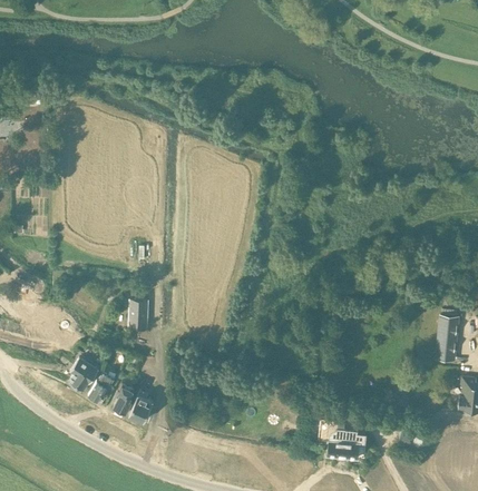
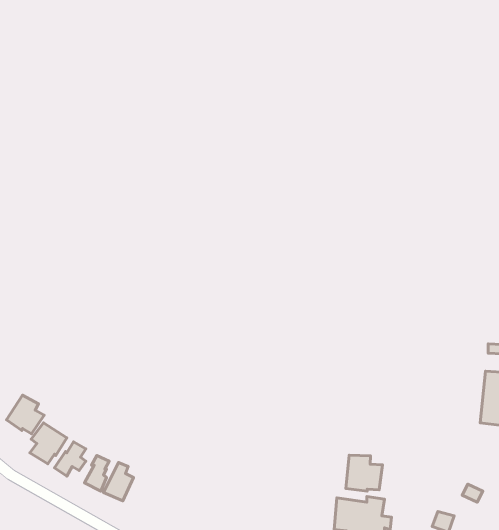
building: [128,299,147,327] -> none
building: none -> [7,395,44,434]
building: none -> [346,455,382,491]

